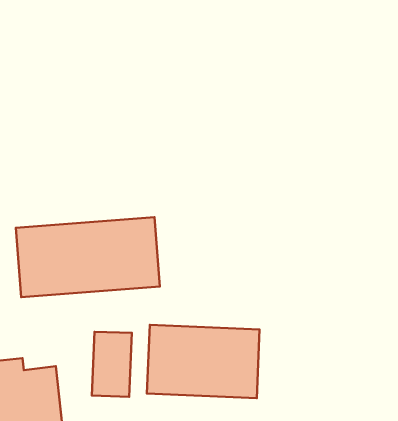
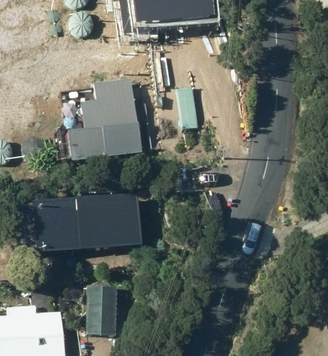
building: none -> [68,75,141,157]
building: [147,325,260,398] -> none

